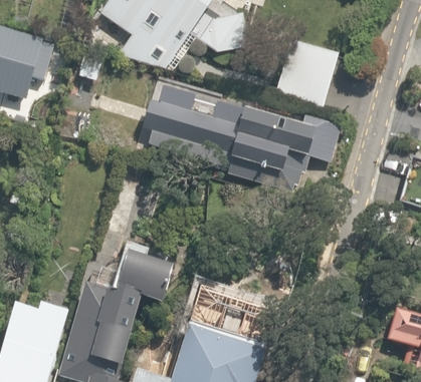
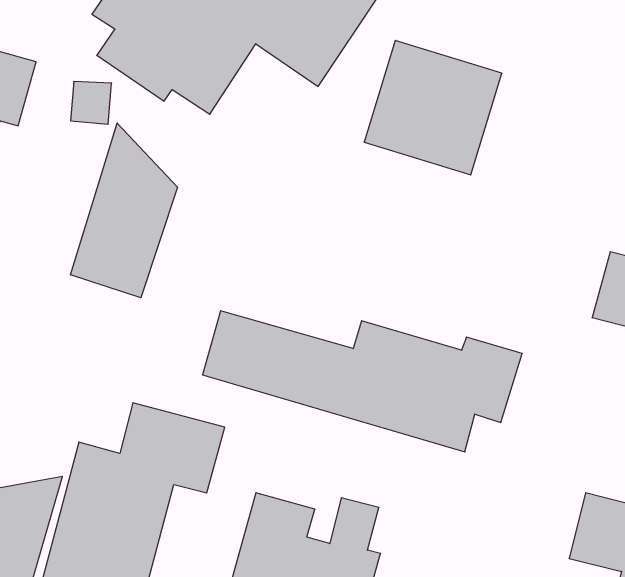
building: none -> [71,123,178,298]
building: [144,97,340,183] -> [202,311,522,452]

